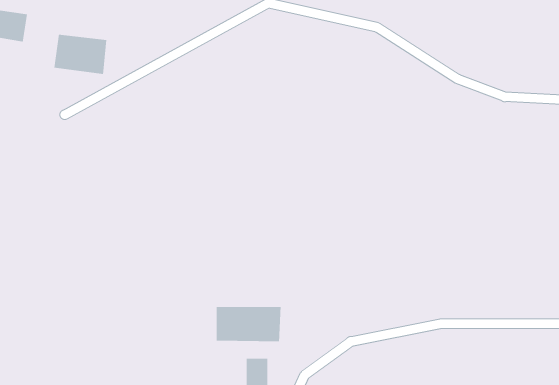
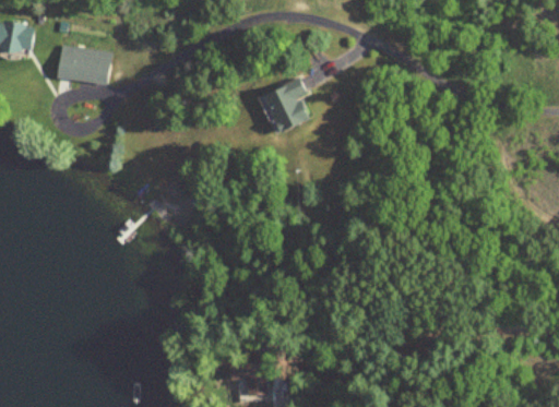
building: none -> [261,77,306,131]
building: [216,306,281,342] -> none

